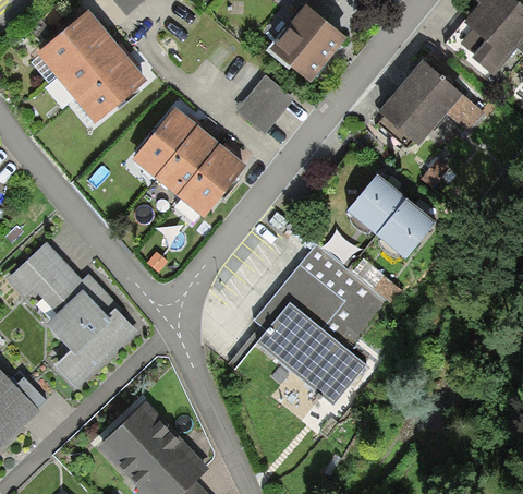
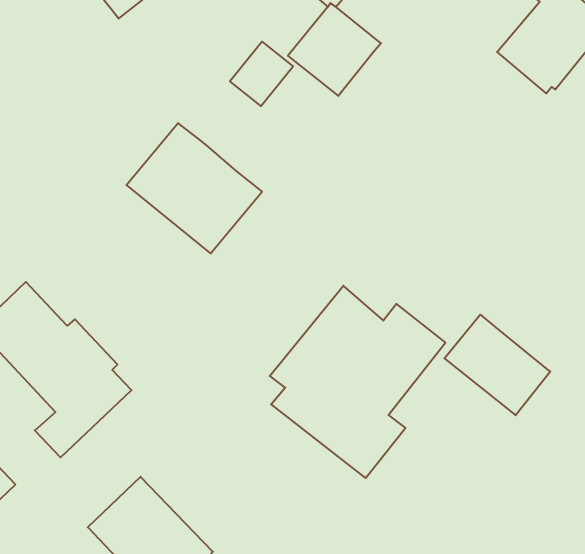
building: [35,10,148,124] -> none
building: [376,58,486,148] -> none
building: [239,77,292,132] -> [230,42,293,106]
building: [346,176,436,261] -> [444,315,550,415]

